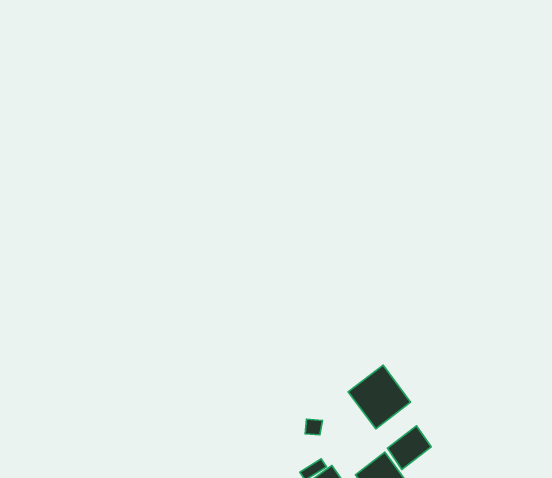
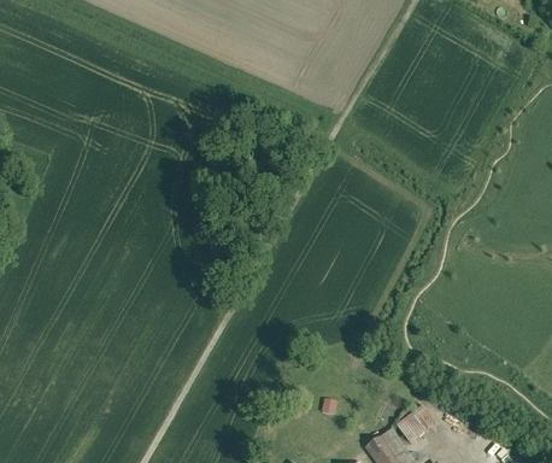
building: [348,365,411,429] -> none

